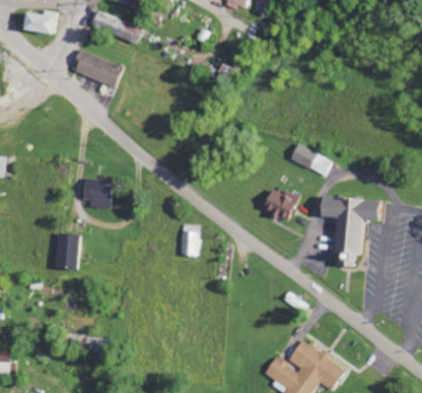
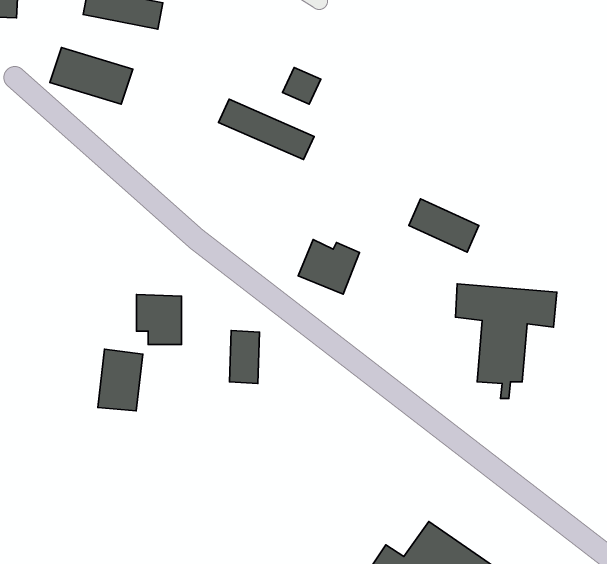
building: none -> [219,99,314,160]
building: [83,178,111,208] -> [137,294,182,344]
building: [262,188,299,221] -> [298,239,360,294]
building: [54,233,81,270] -> [98,349,143,411]

